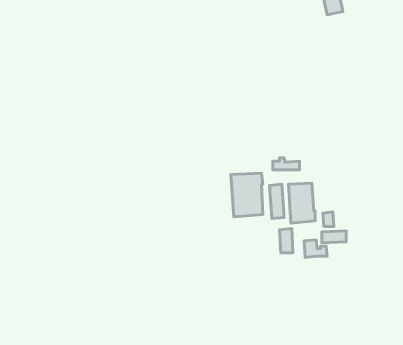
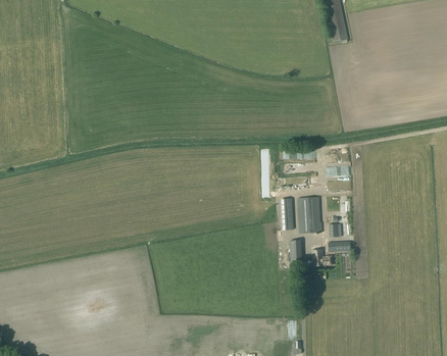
building: [231,173,263,217] -> none

